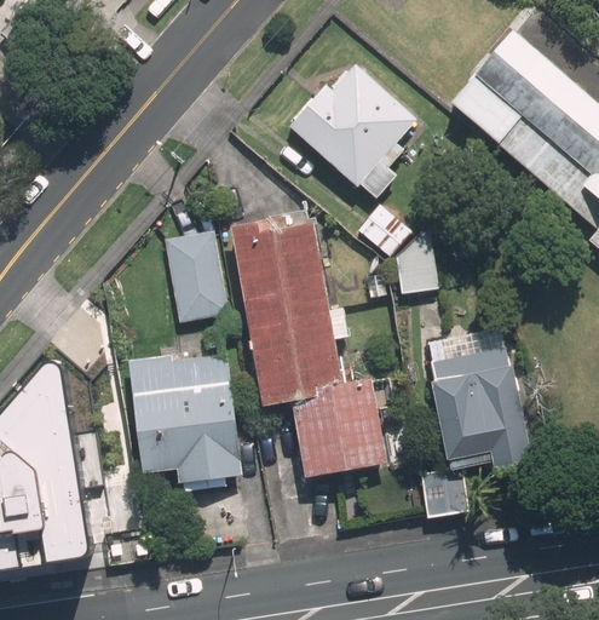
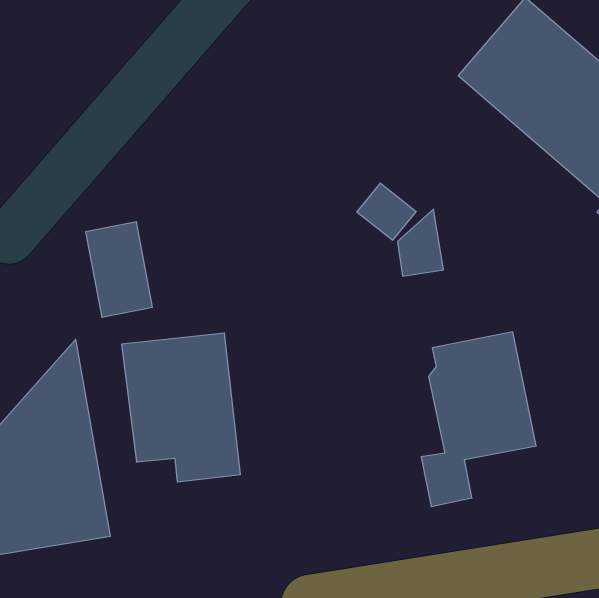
building: [284,65,419,201] -> none
building: [225,211,386,482] -> none
building: [165,229,230,322] -> [86,222,152,317]

